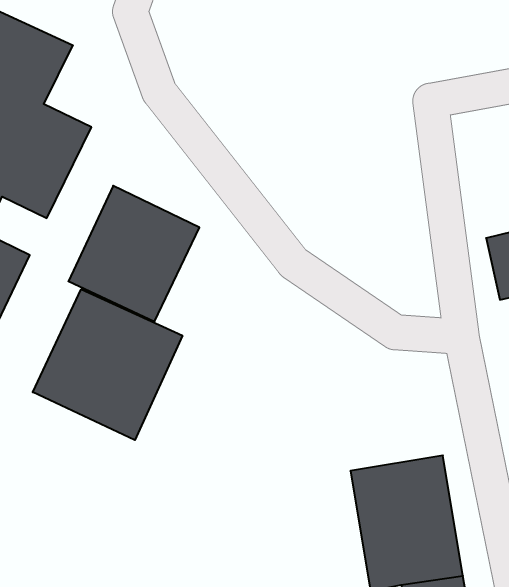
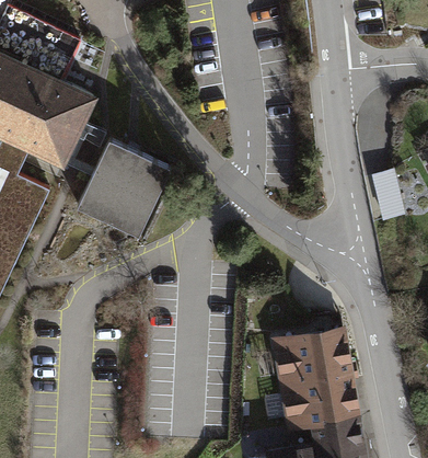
building: [33,289,182,440] -> none

